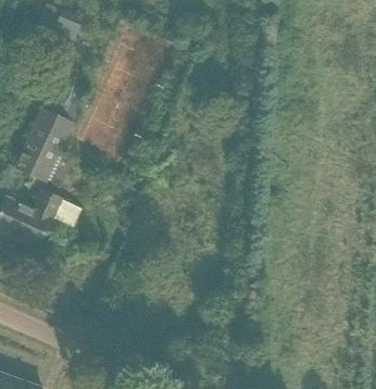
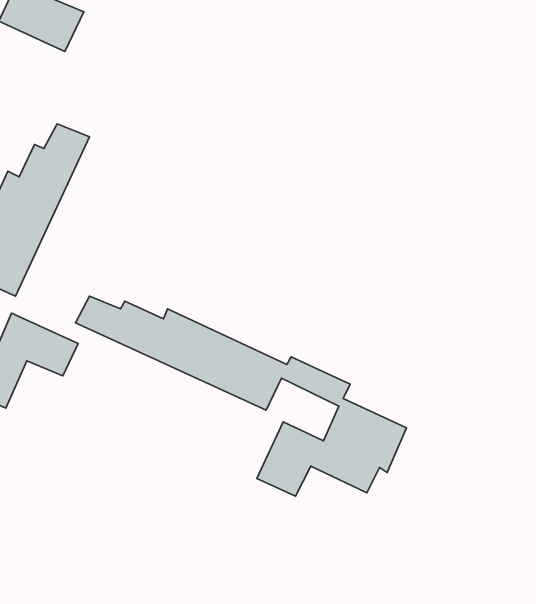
building: none -> [75,296,407,496]

